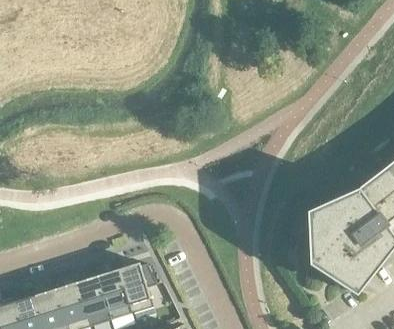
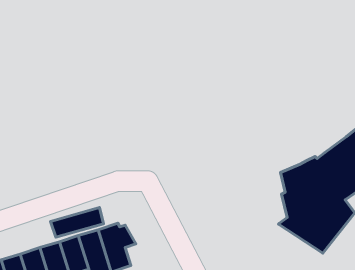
building: none -> [51,207,104,237]

